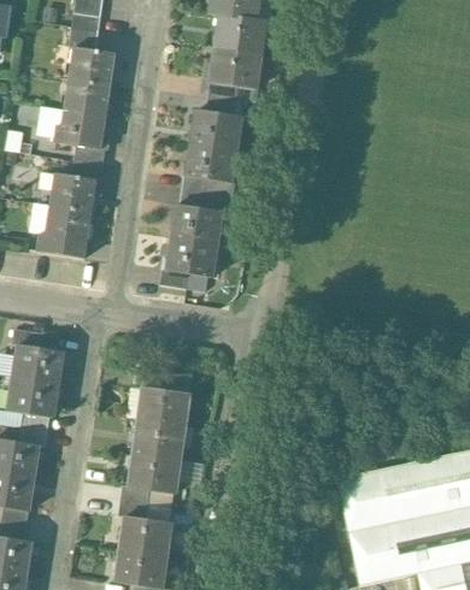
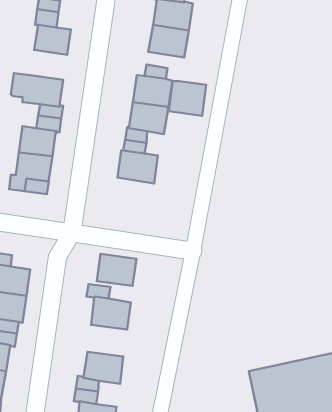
building: [64,78,110,116] -> none
building: none -> [169,81,206,116]
building: [168,237,218,277] -> none
building: [135,420,184,460] -> [97,254,136,286]

